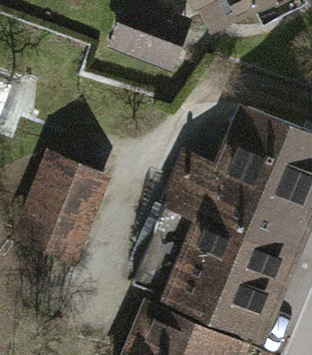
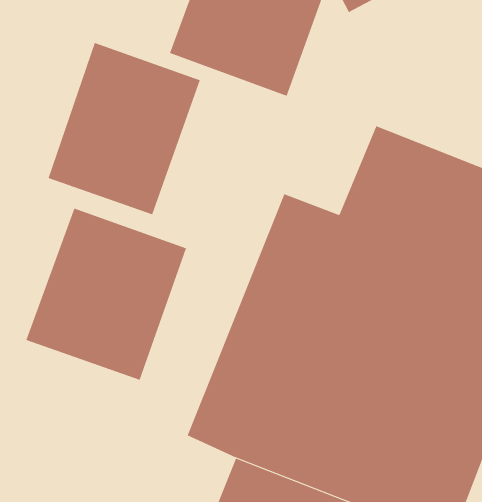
building: none -> [48,42,200,215]

